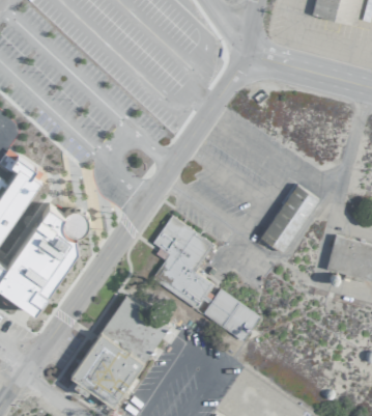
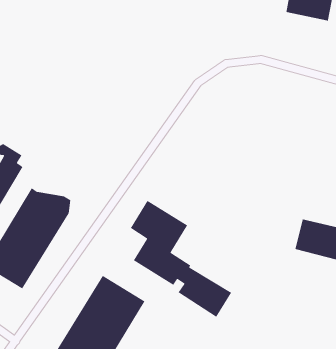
building: [261,185,318,254] -> none

